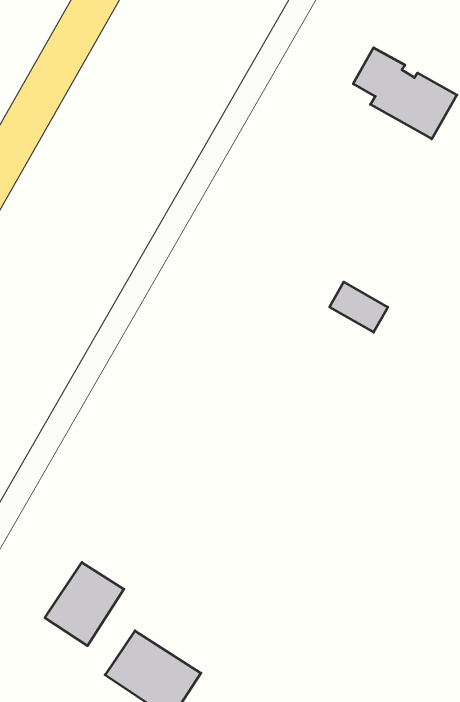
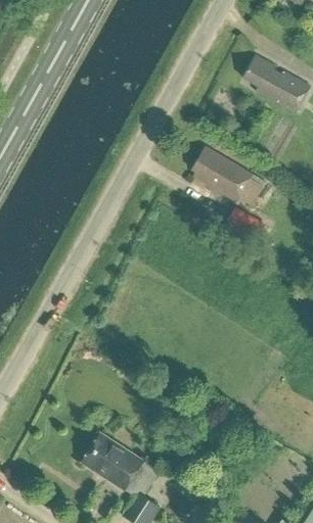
building: none -> [191,147,253,201]
building: [45,562,124,646] -> none

